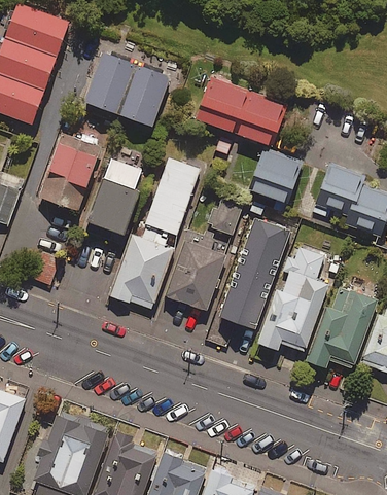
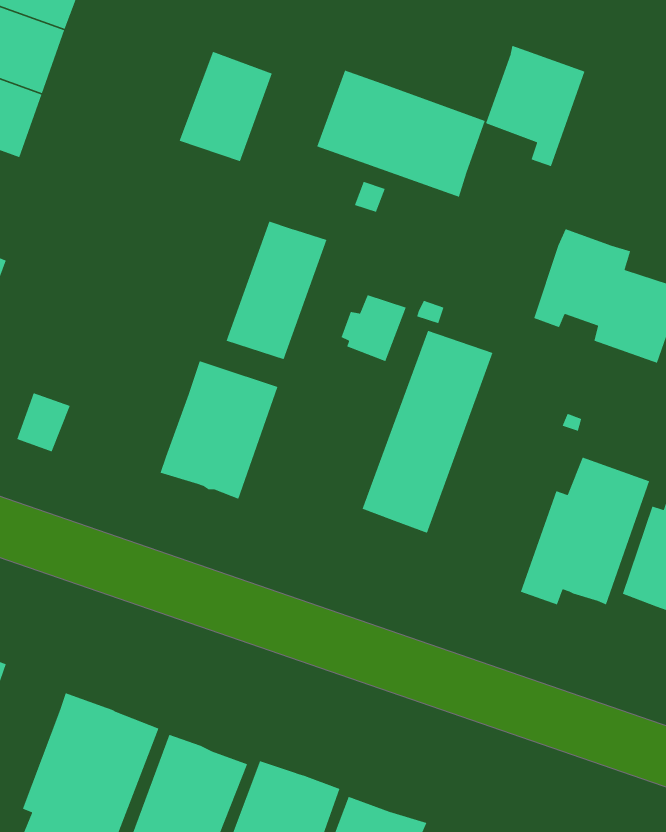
building: [85,54,137,115] -> none
building: [39,135,101,212] -> none
building: [248,146,303,213] -> [485,45,585,167]
building: [86,158,142,236] -> none
building: [164,229,225,312] -> none
building: [255,248,327,351] -> none

